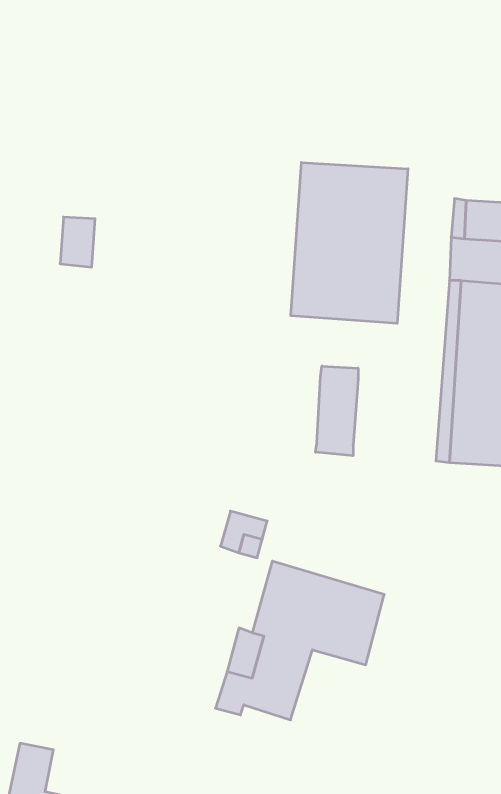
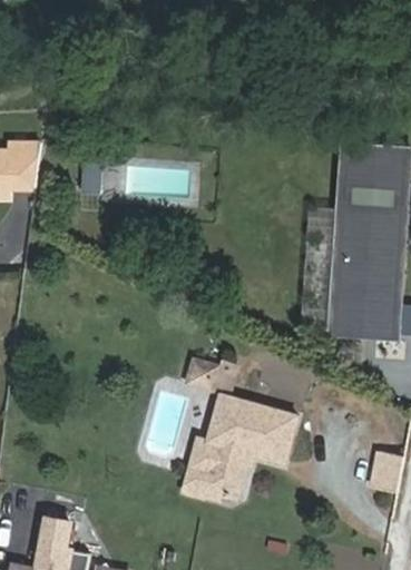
building: [291,162,408,323] -> none
building: [316,366,358,456] -> none

